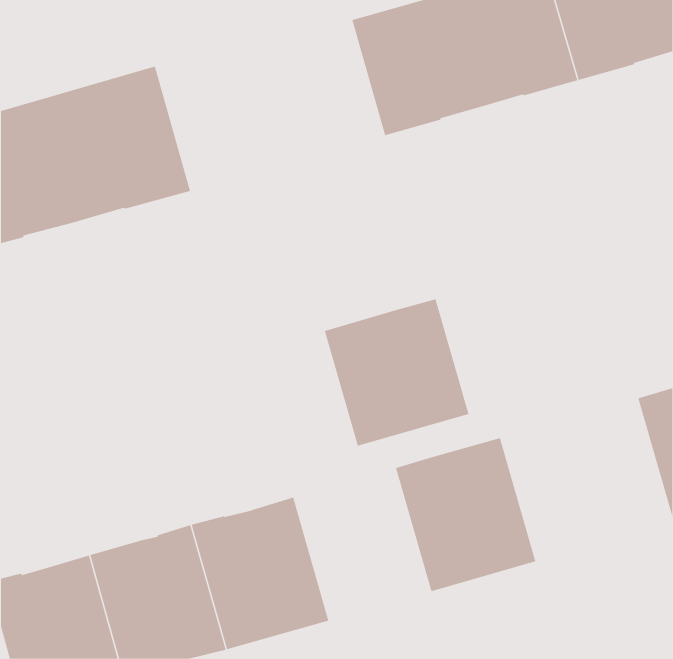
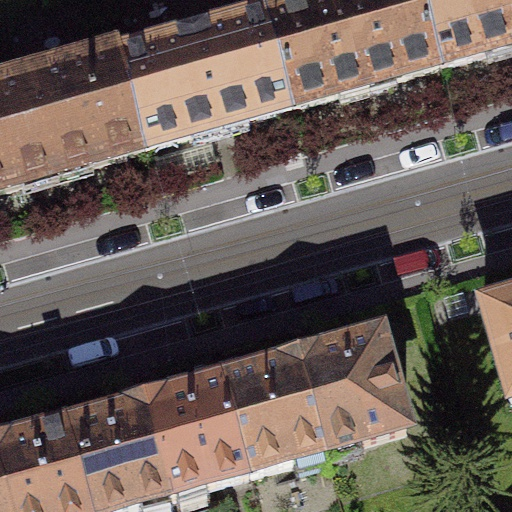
building: none -> [118,15,292,145]
building: [324,298,469,446] -> none
building: none -> [223,355,327,471]

